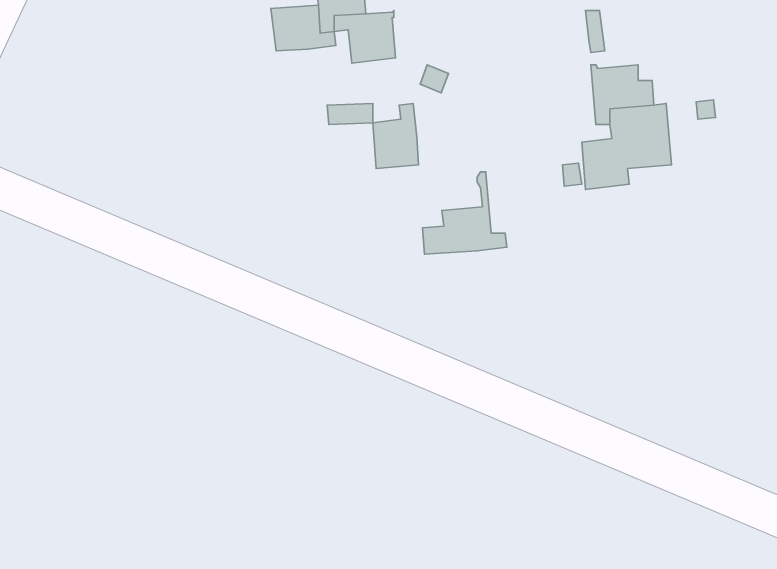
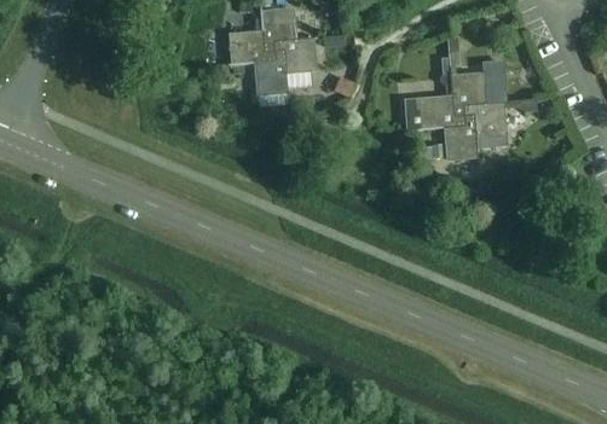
building: [373,103,418,168] -> [255,50,287,94]
building: [423,172,507,254] -> [406,72,464,129]

